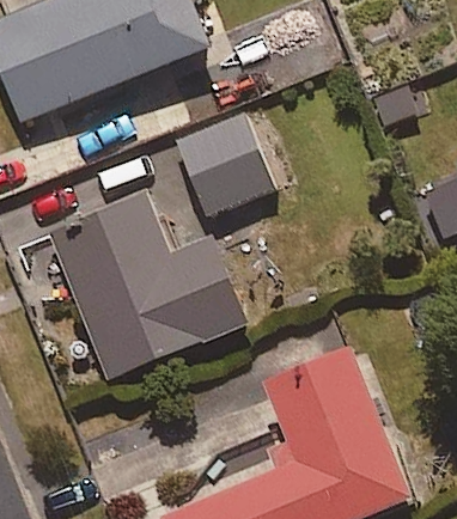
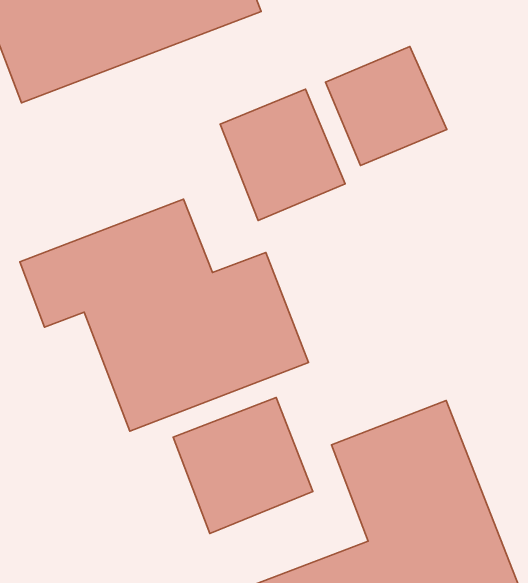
building: none -> [326,46,447,166]
building: none -> [173,398,313,533]

